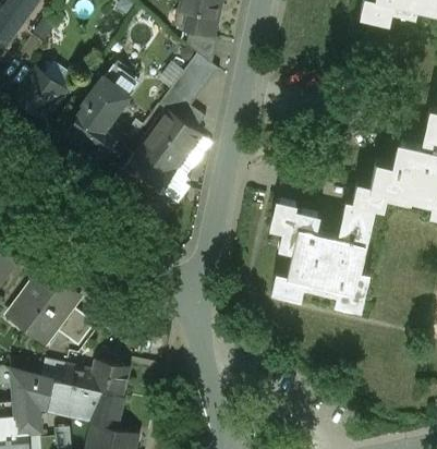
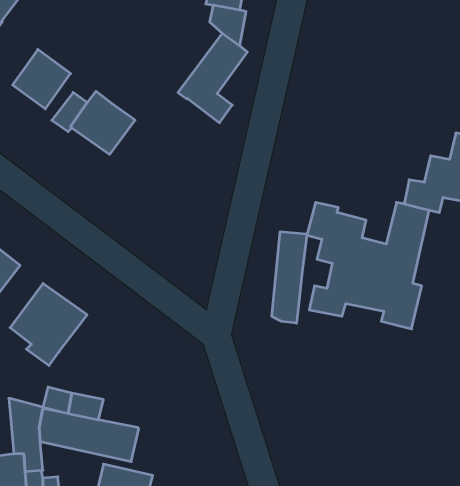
building: [84,65,132,117] -> none
building: [119,112,201,202] -> none
building: none -> [272,232,307,323]
building: [56,307,96,348] -> none
building: [89,361,130,396] -> none

